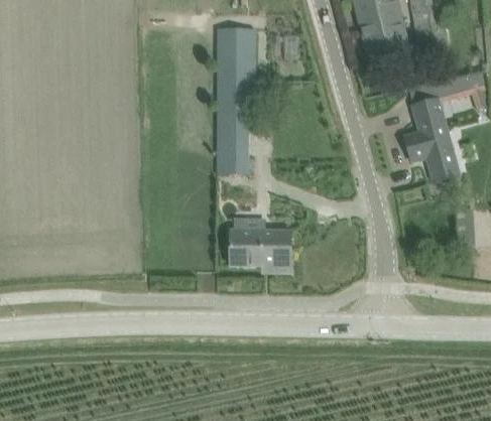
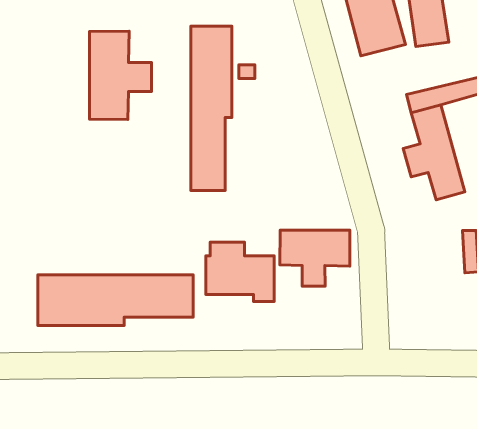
building: none -> [89,31,151,119]
building: none -> [280,230,350,286]
building: none -> [38,275,193,326]

